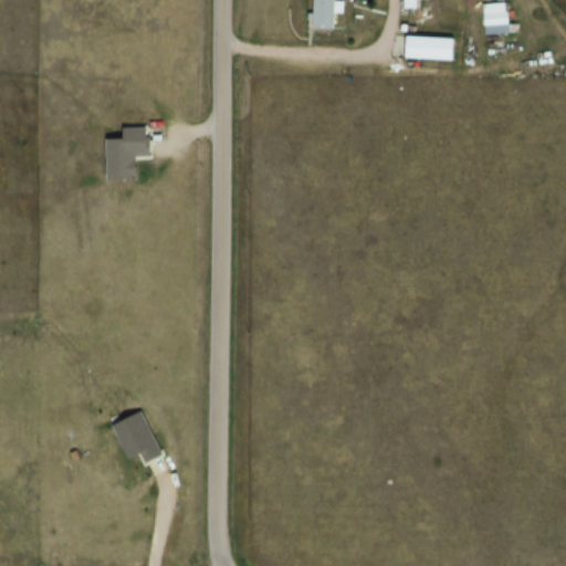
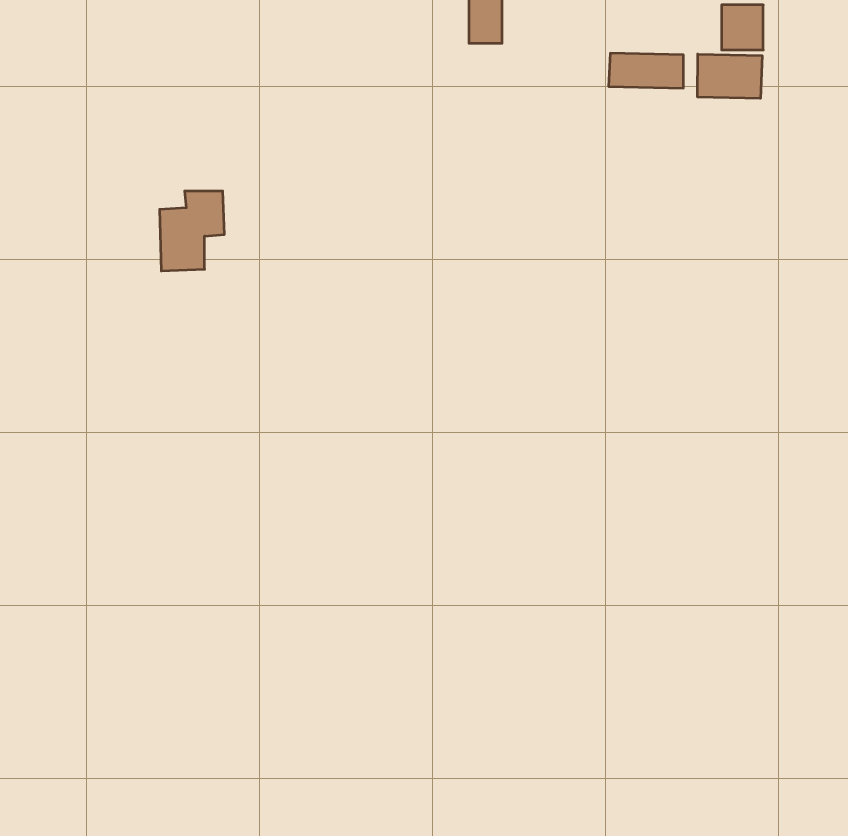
building: none -> [698,54,762,98]
building: [112,411,160,463] -> none

